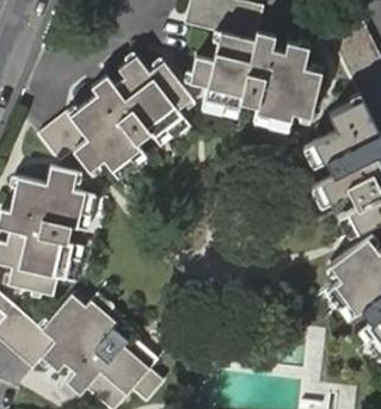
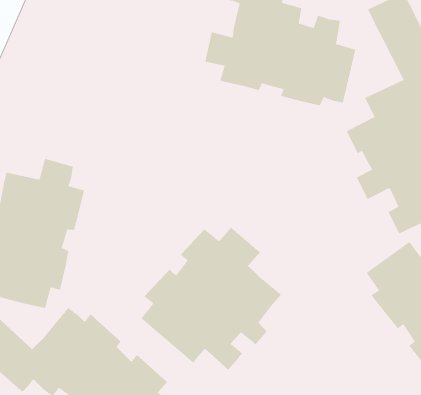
building: [38,56,192,172] -> none
building: none -> [140,227,282,371]

